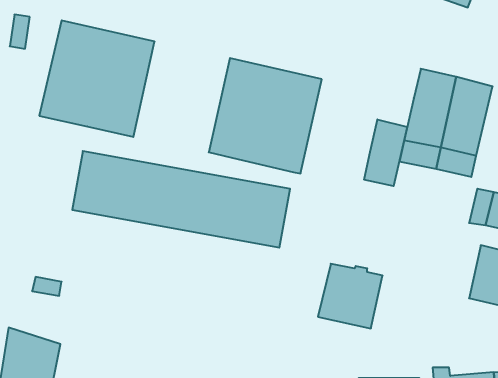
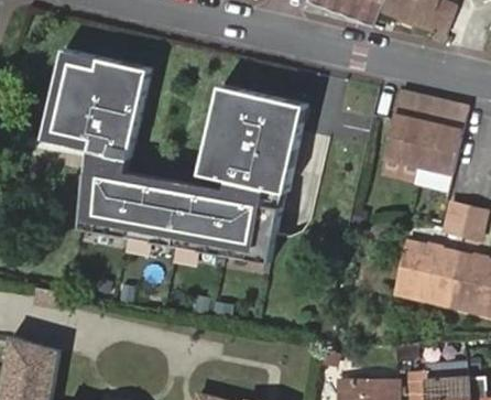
building: [364,119,407,186] -> none
building: none -> [83,144,280,203]
building: [318,264,383,328] -> [394,245,455,305]

